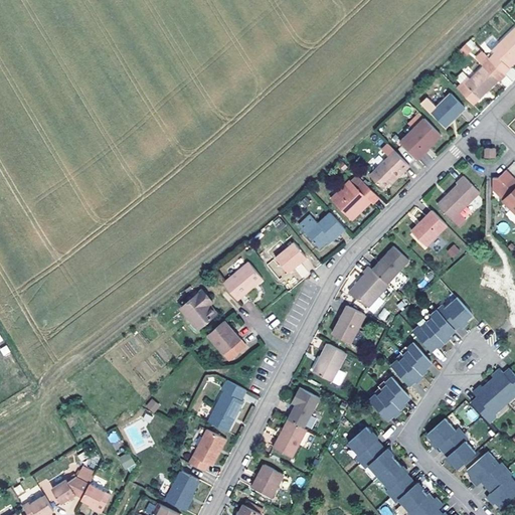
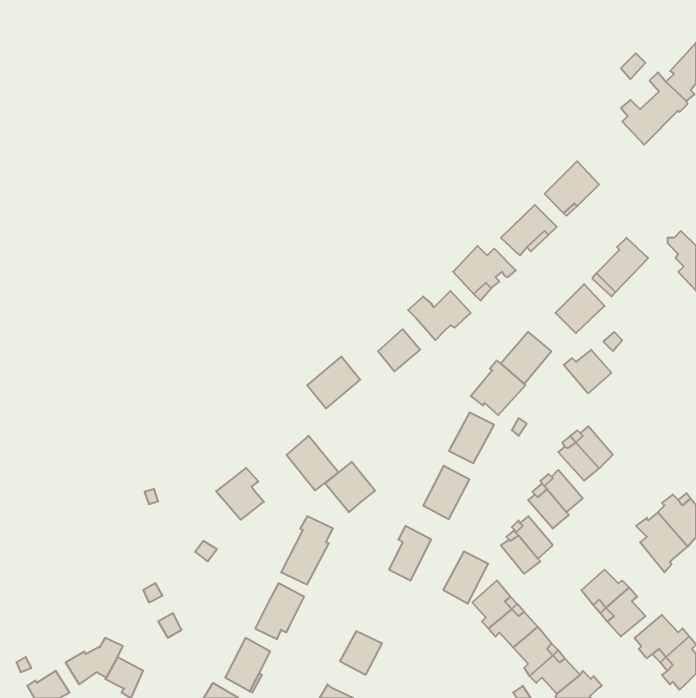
building: [423,94,467,127] -> none
building: [183,292,218,330] -> [216,468,264,520]
building: [434,303,469,335] -> [564,350,611,393]
building: none -> [325,462,375,512]
building: [272,419,305,458] -> [443,552,488,604]

